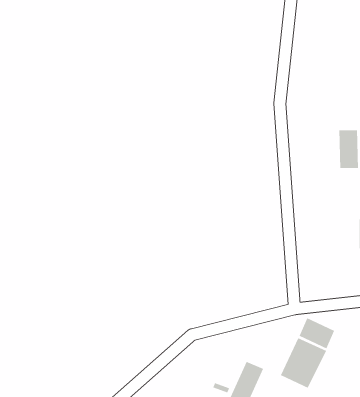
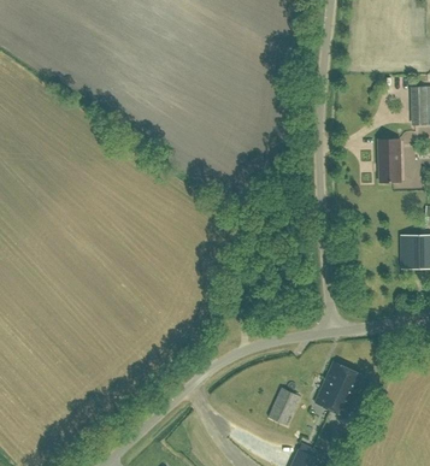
building: [298,317,335,350] -> none

